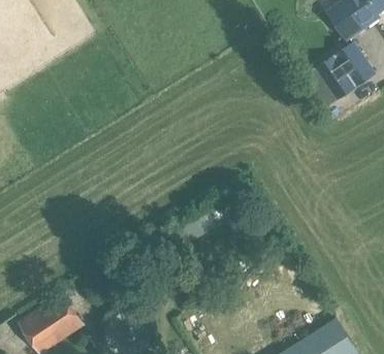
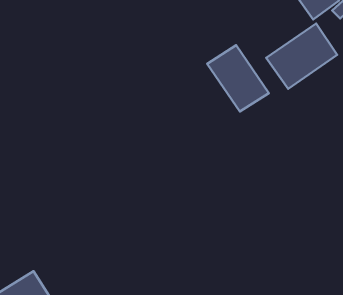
building: none -> [207,45,269,112]

